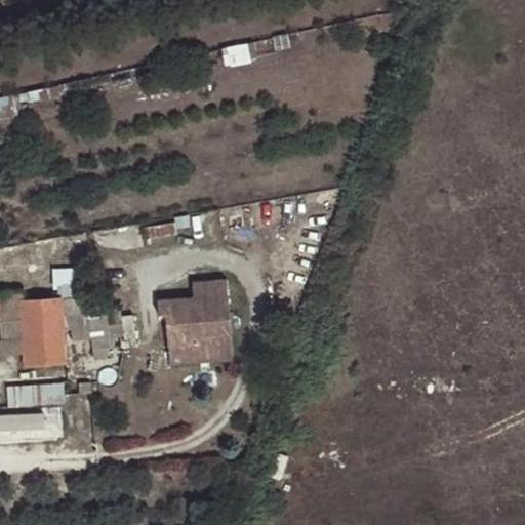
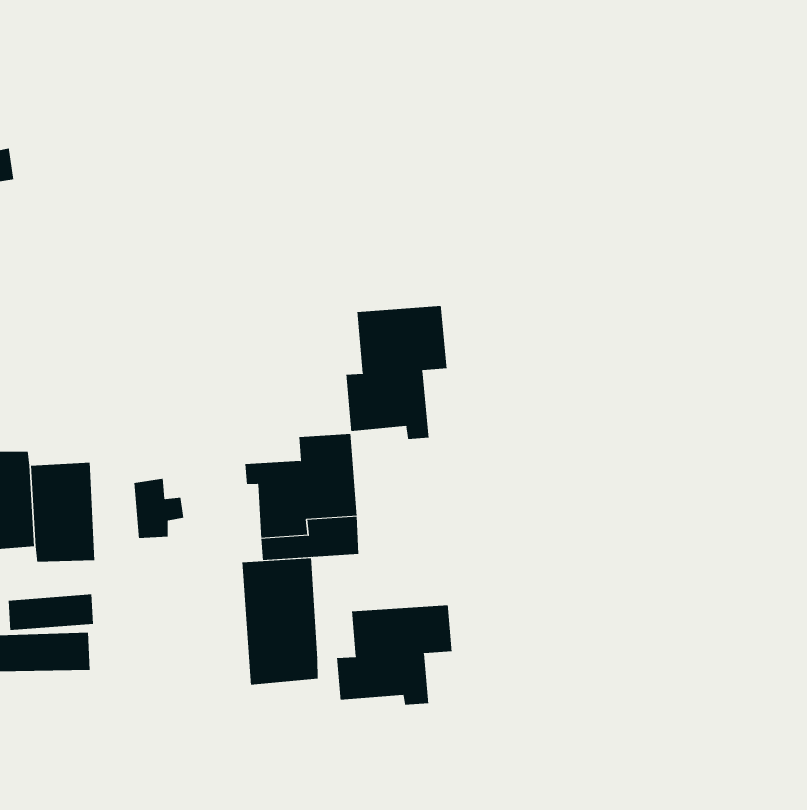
building: none -> [346,305,447,440]
building: none -> [242,557,318,685]
building: none -> [337,604,452,705]

